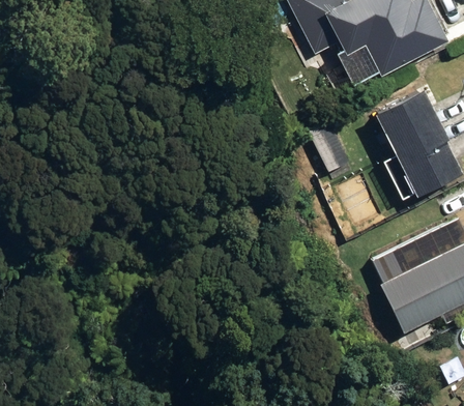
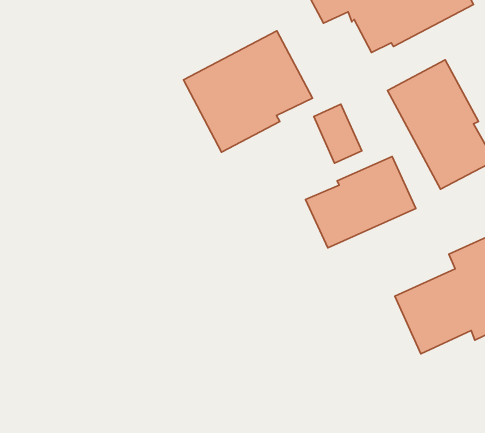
building: none -> [183,31,313,152]
building: none -> [305,156,416,248]

